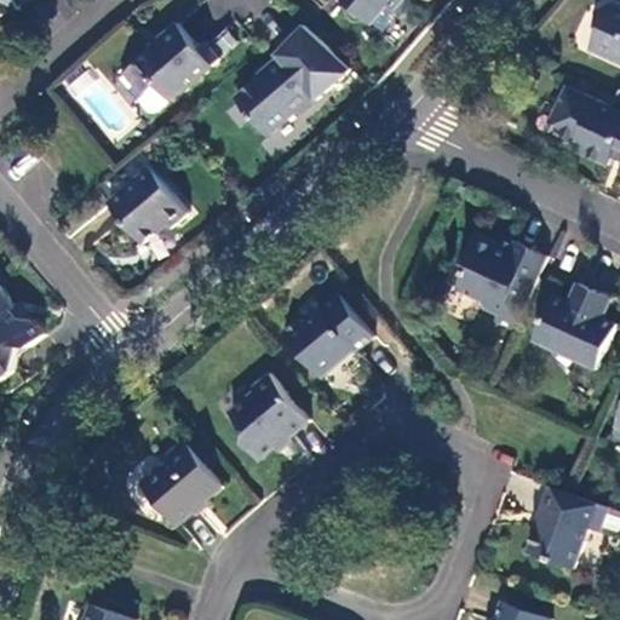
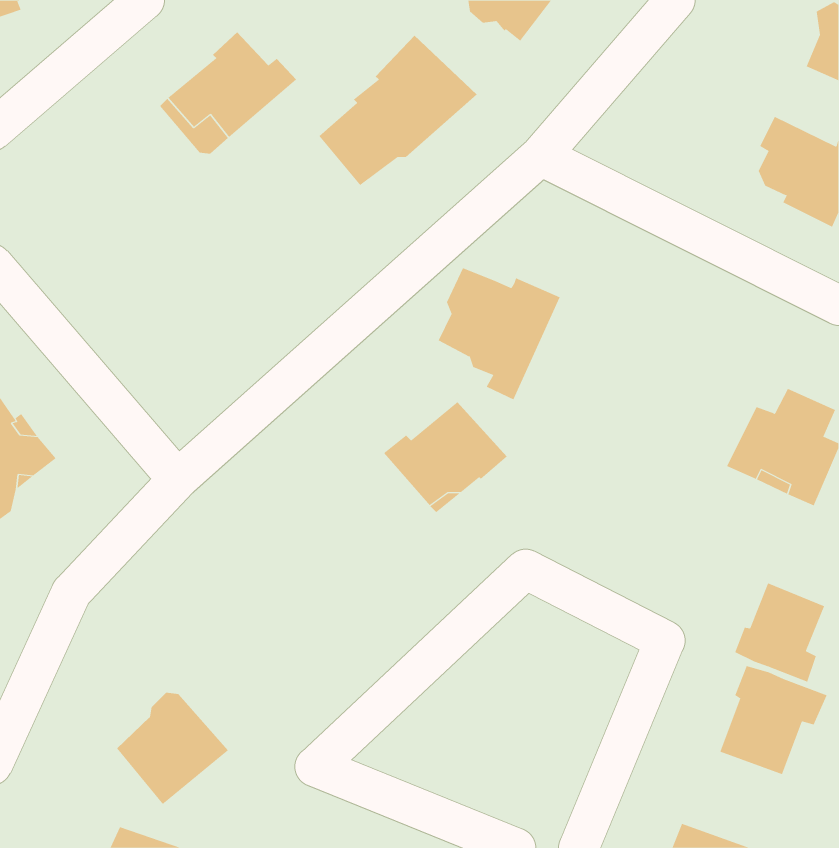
building: [105,168,185,245] -> none
building: [455,235,545,332] -> [438,267,560,400]
building: [228,372,308,459] -> none
building: none -> [734,583,825,683]
building: [139,444,222,527] -> [116,692,229,805]

